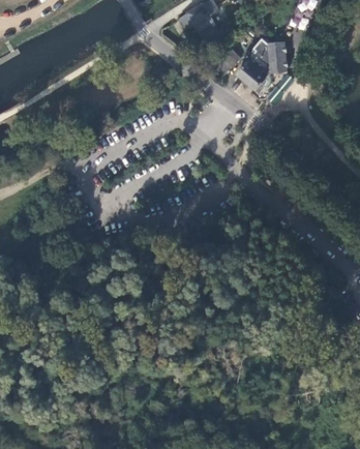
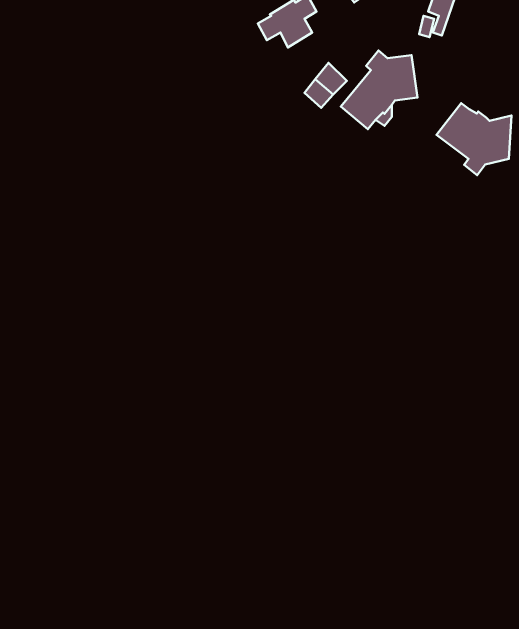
building: none -> [437,103,512,175]

